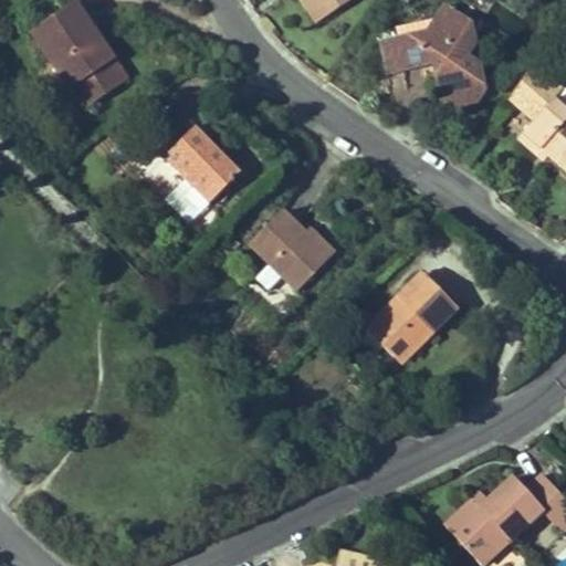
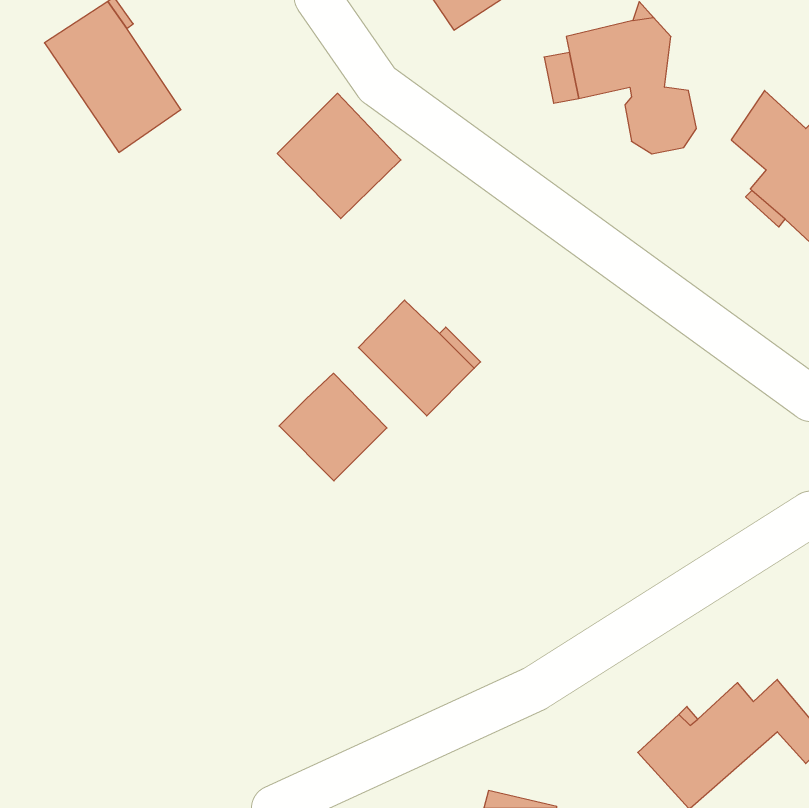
building: [155,126,241,213] -> [277,93,401,219]
building: none -> [279,373,387,481]
building: [367,272,458,363] -> none

